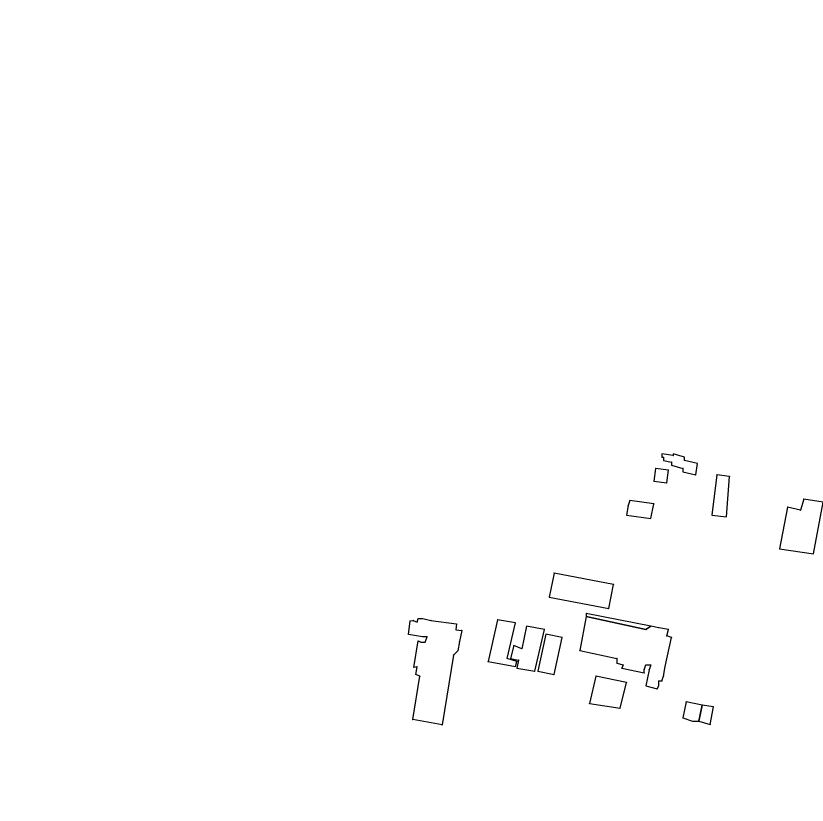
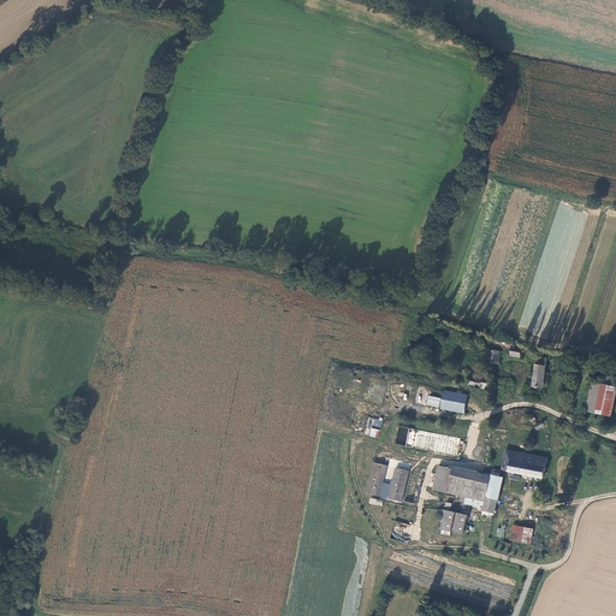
building: none -> [425,387,467,414]
building: none -> [502,451,546,479]
building: [409,619,462,725] -> none

